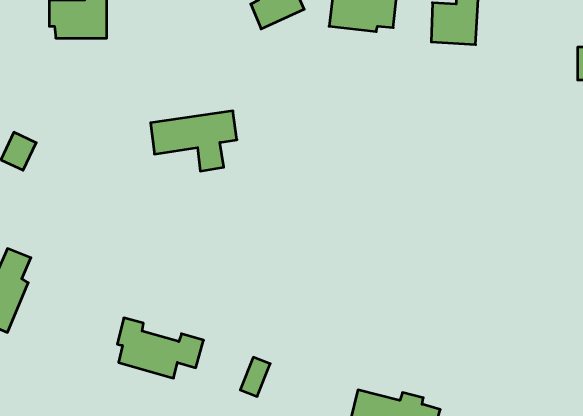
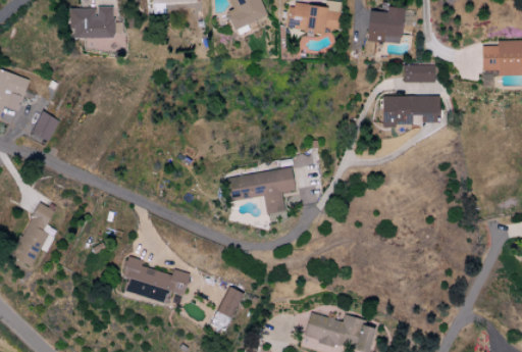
building: none -> [403,64,434,83]
building: [151,111,237,171] -> [227,167,295,214]
building: none -> [382,95,439,124]

